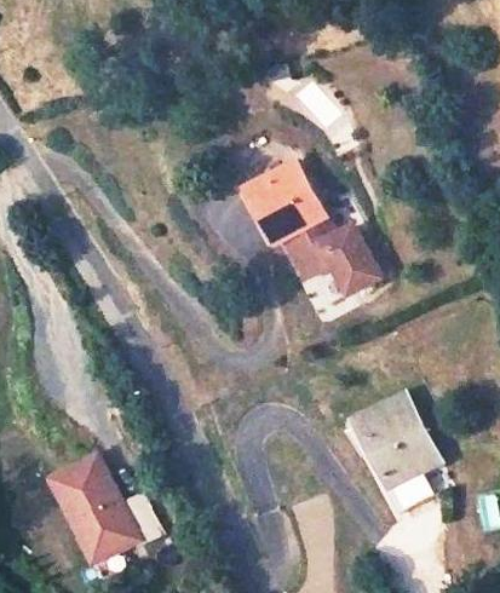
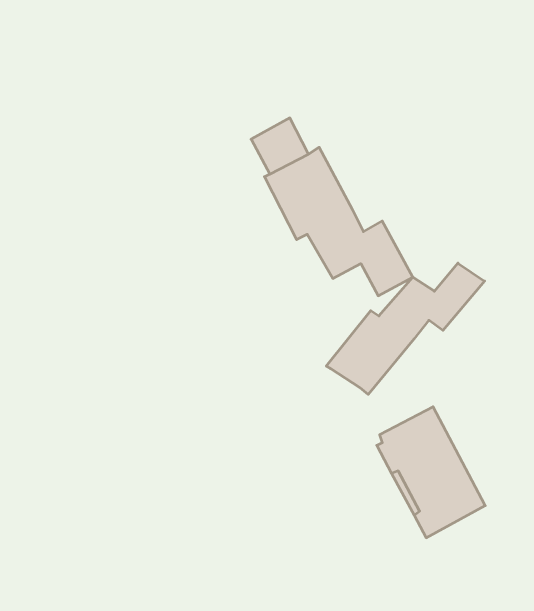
building: none -> [326,263,485,394]
building: [41,438,161,560] -> none

